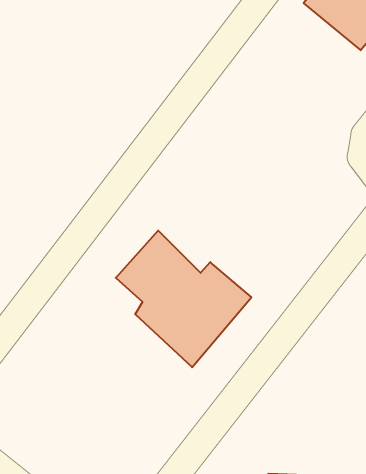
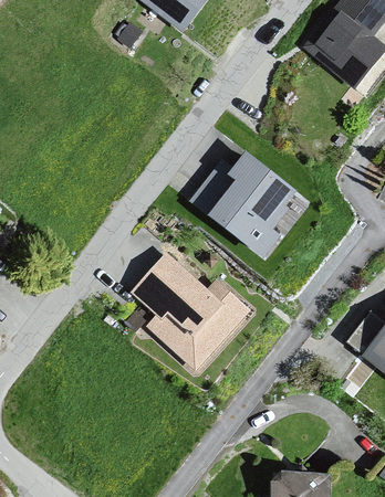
building: none -> [191,152,296,258]

